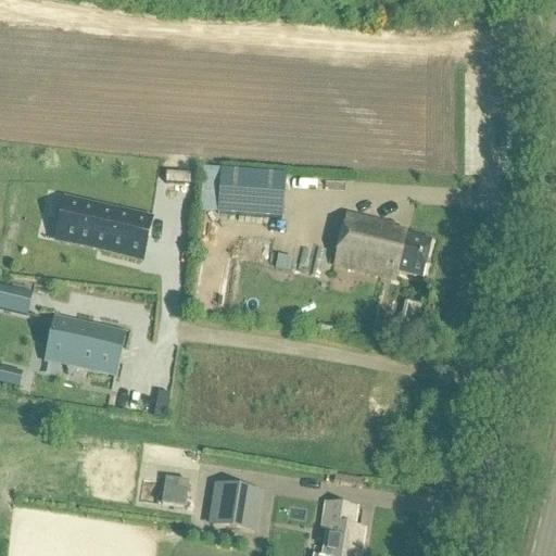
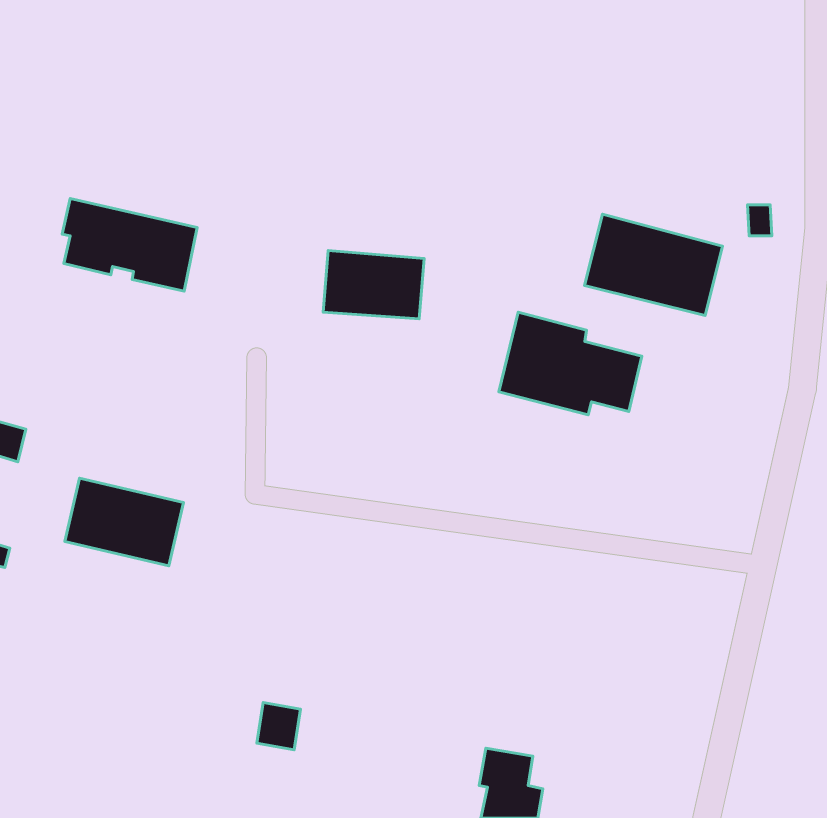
building: none -> [584,214,723,315]
building: [58,194,148,256] -> [62,198,197,291]
building: [207,484,253,530] -> none

